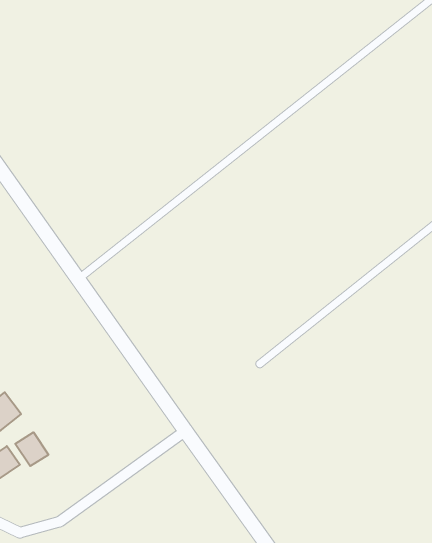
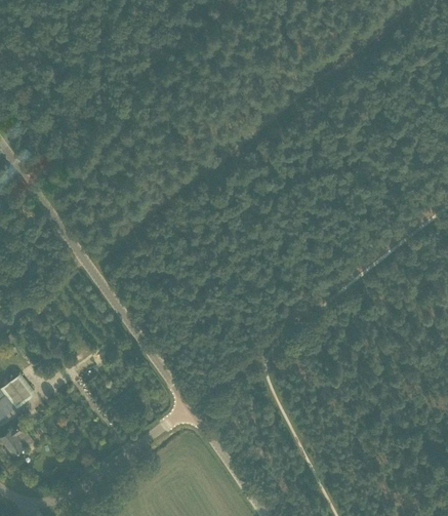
building: [15,432,48,466] -> none

